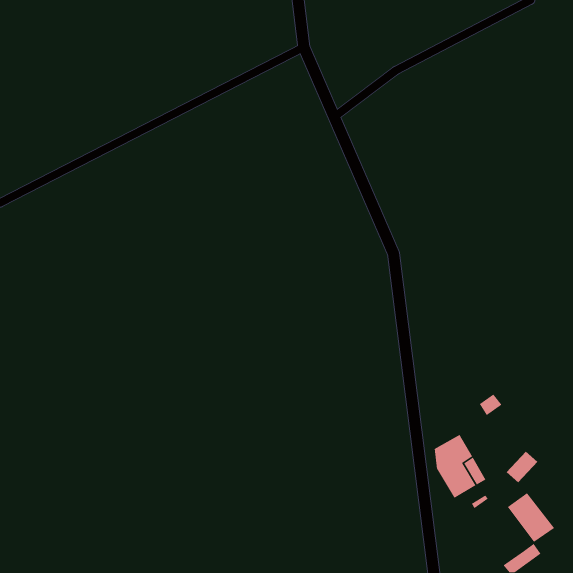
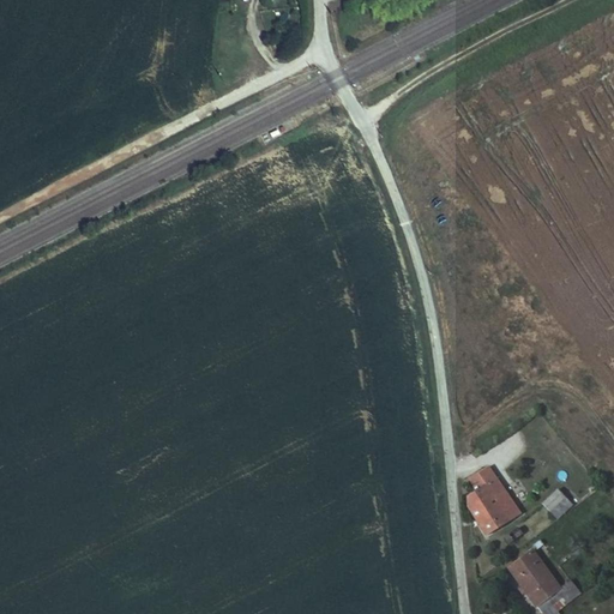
building: [507,492,555,543] -> [508,550,560,604]

